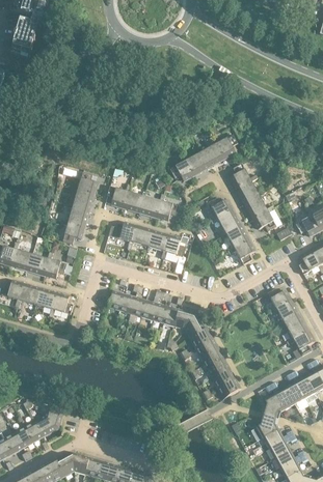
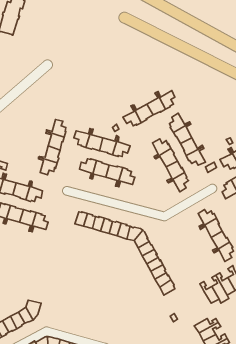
building: [255,394,284,438] -> none

